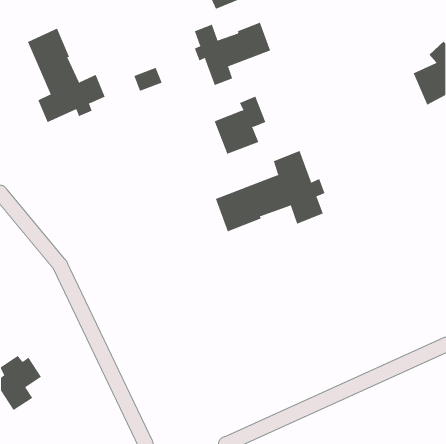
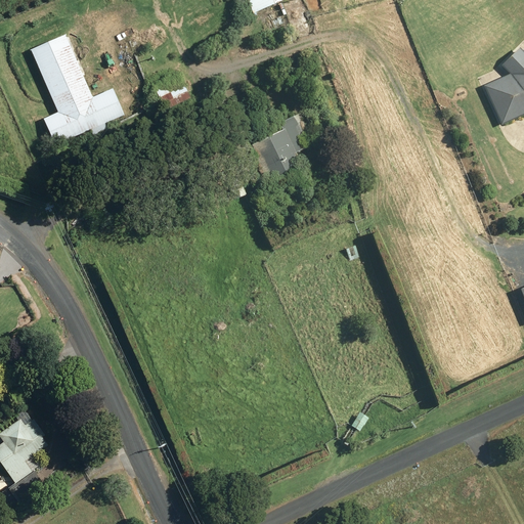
building: [194,22,271,86] -> none
building: [215,150,325,232] -> none

